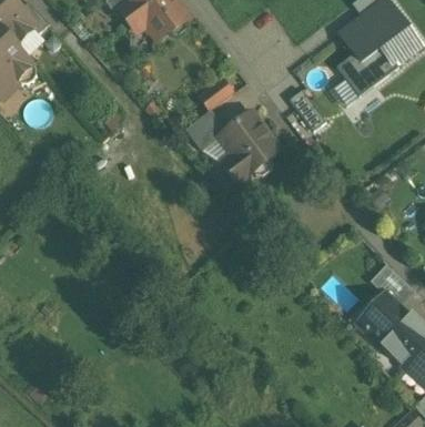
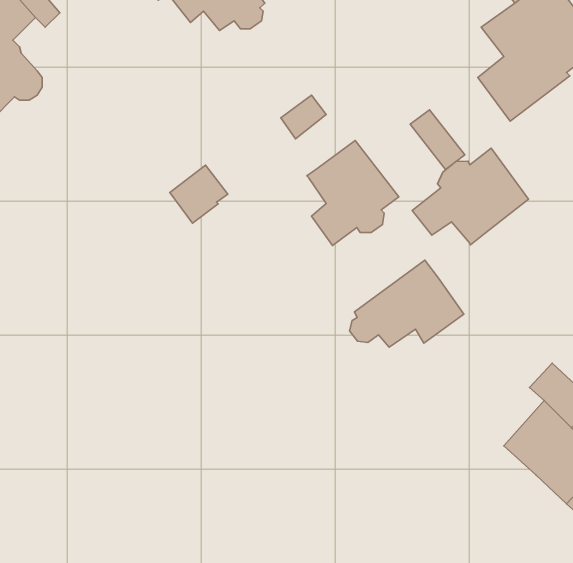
building: [186,111,226,151] -> [170,165,228,223]
building: none -> [412,148,528,245]
building: none -> [349,260,464,347]

